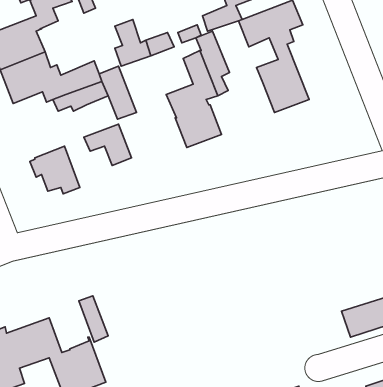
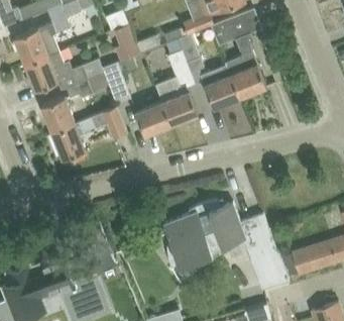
building: none -> [203,64,239,110]
building: none -> [40,98,75,134]
building: none -> [135,103,170,136]
building: none -> [162,202,290,291]

